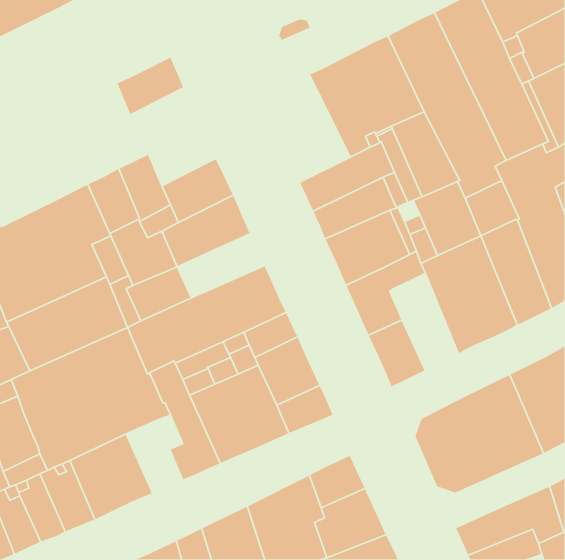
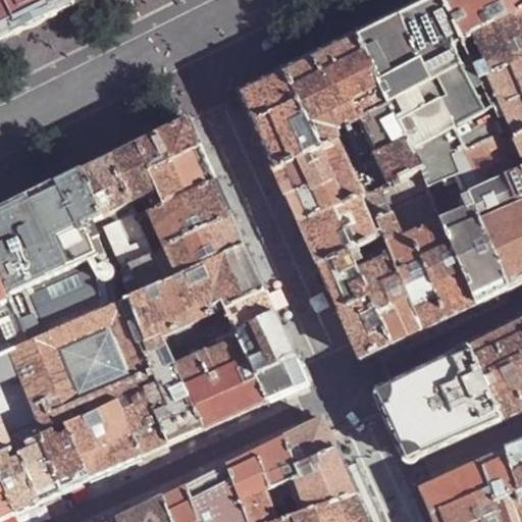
building: [117,57,184,115] -> [137,117,199,171]
building: none -> [241,68,322,168]
building: none -> [163,215,244,274]
building: none -> [359,252,422,342]
building: none -> [116,382,168,455]

